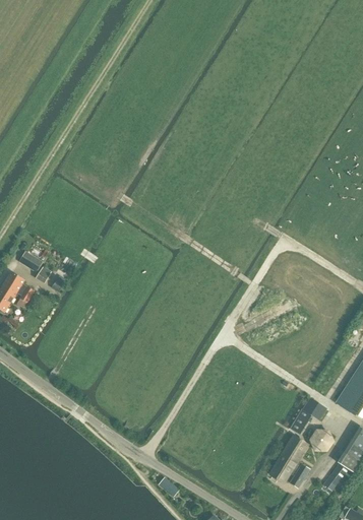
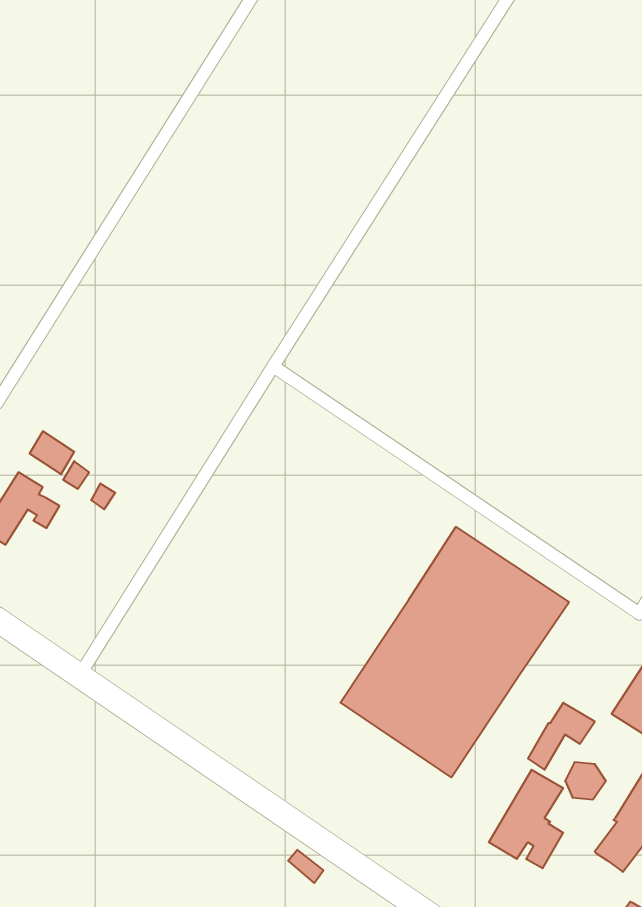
building: none -> [340,527,569,777]

